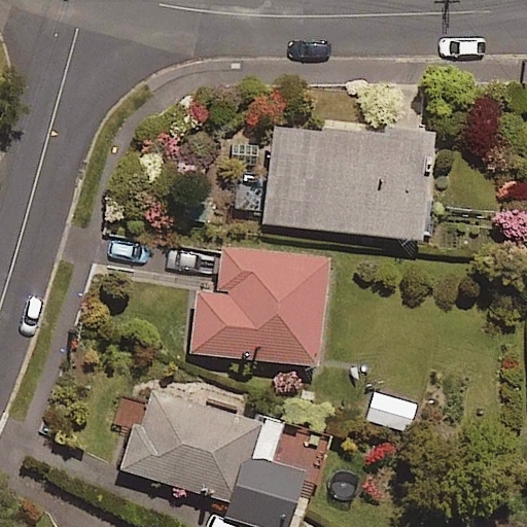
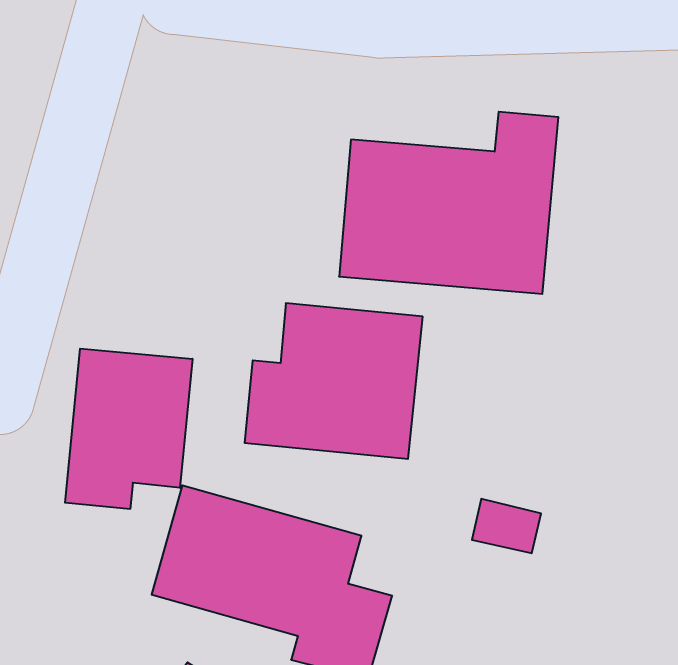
building: none -> [65,349,192,509]

